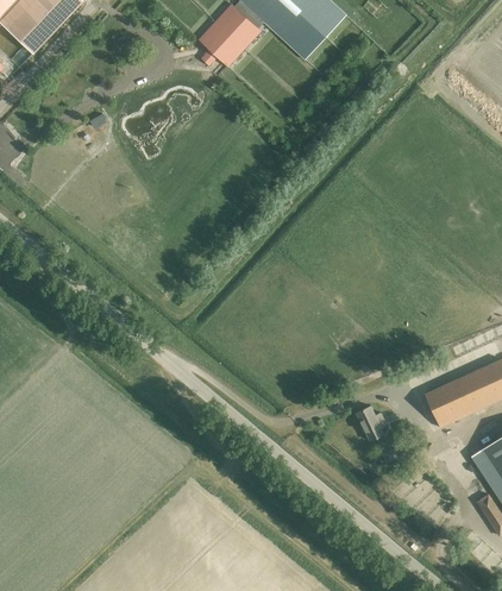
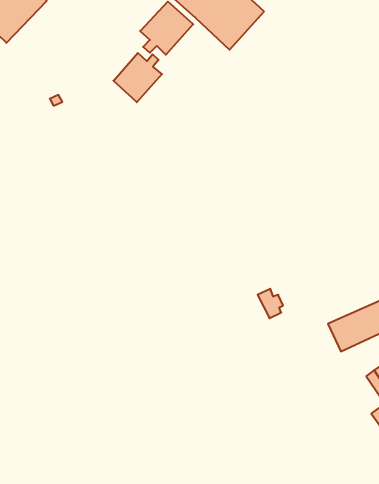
building: none -> [113,53,162,102]
building: [356,404,387,440] -> [258,289,283,318]

